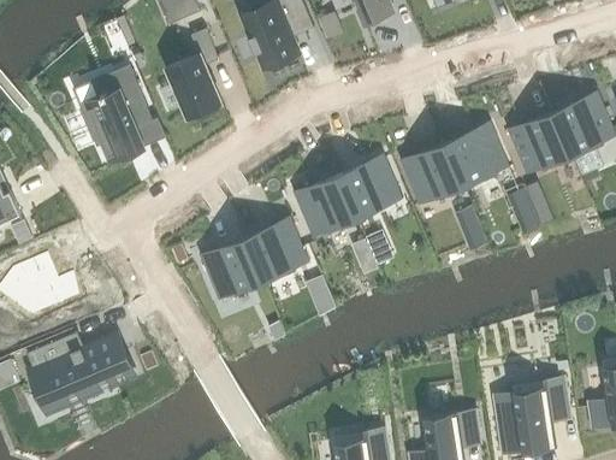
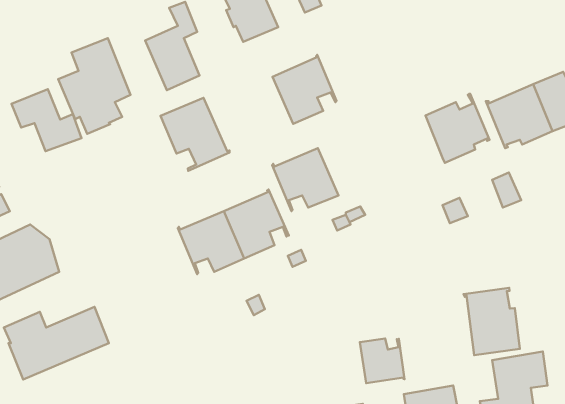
building: none -> [12,89,82,151]
building: none -> [160,98,230,171]
building: [398,142,462,205] -> none
building: [338,153,402,222] -> [273,55,337,124]
building: none -> [464,288,520,355]
building: none -> [360,338,405,383]

